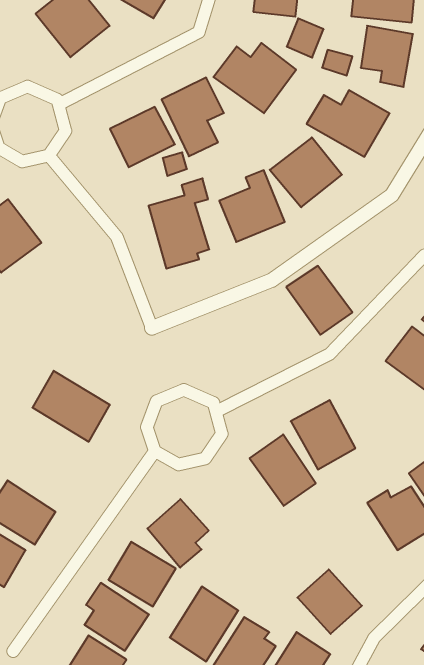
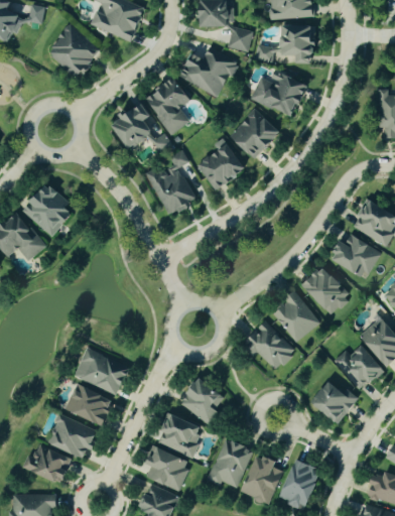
building: [286,266,352,335] -> [301,266,351,314]
building: [32,371,110,442] -> [75,348,129,394]
building: [297,569,362,634] -> [310,379,357,424]

